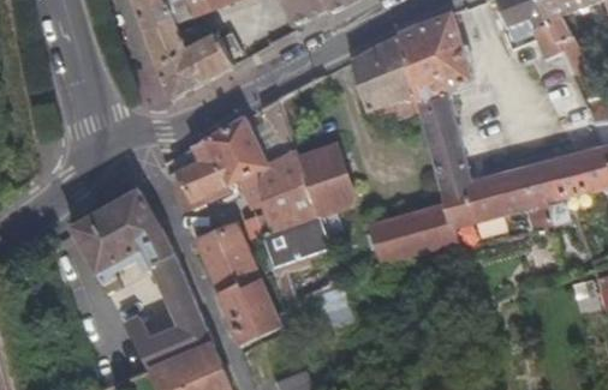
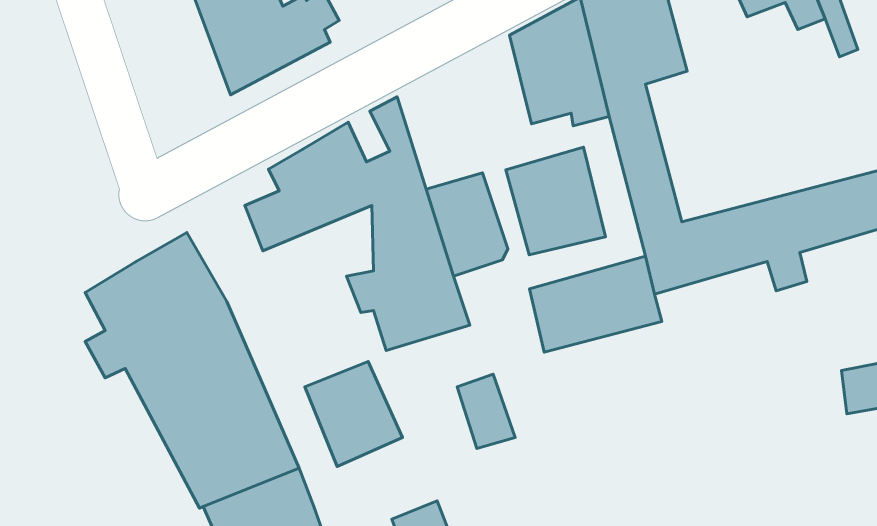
building: none -> [506,147,606,255]
building: [196,223,260,292] -> none

